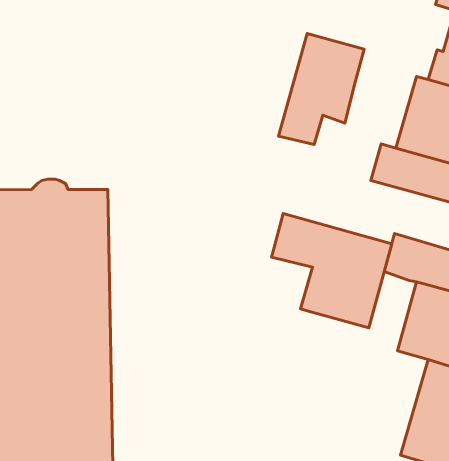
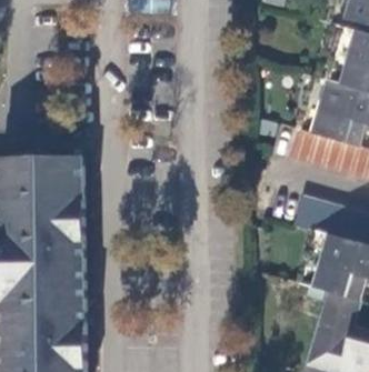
building: [278,34,364,145] -> none
building: [272,213,392,328] -> none

